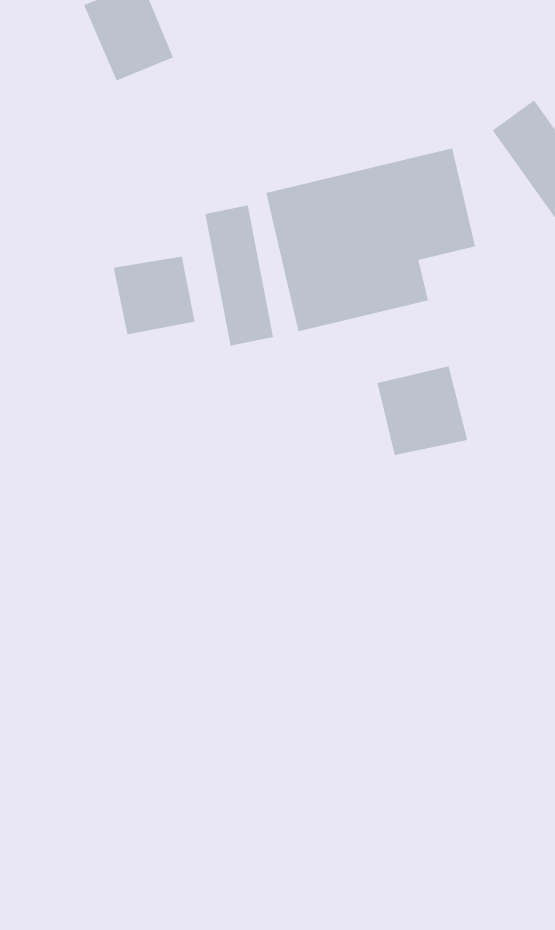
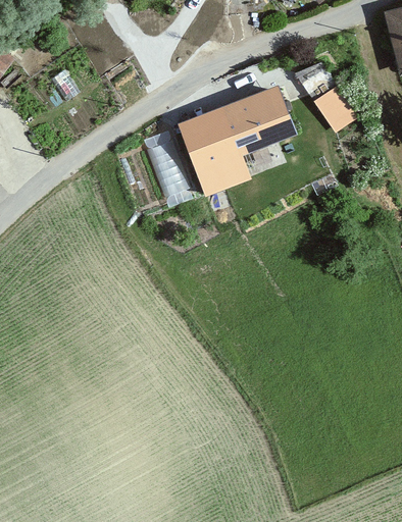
building: [113,256,195,335] -> none
building: [377,365,468,456] -> none

